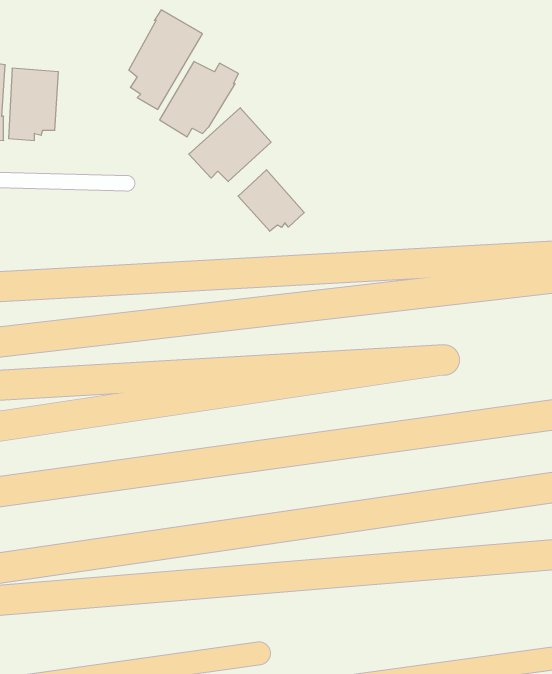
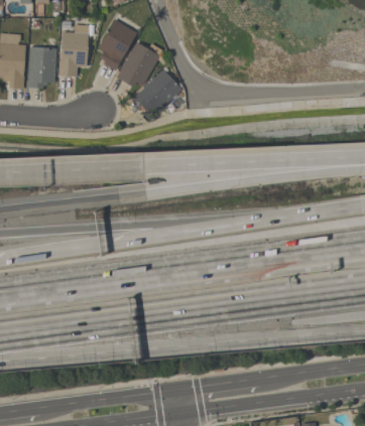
building: none -> [58,23,96,77]
building: [238,170,304,231] -> none

